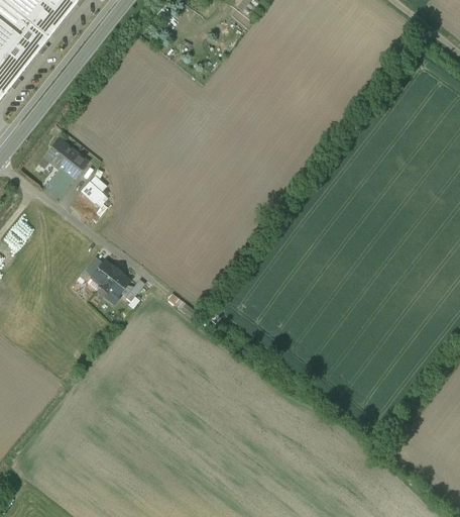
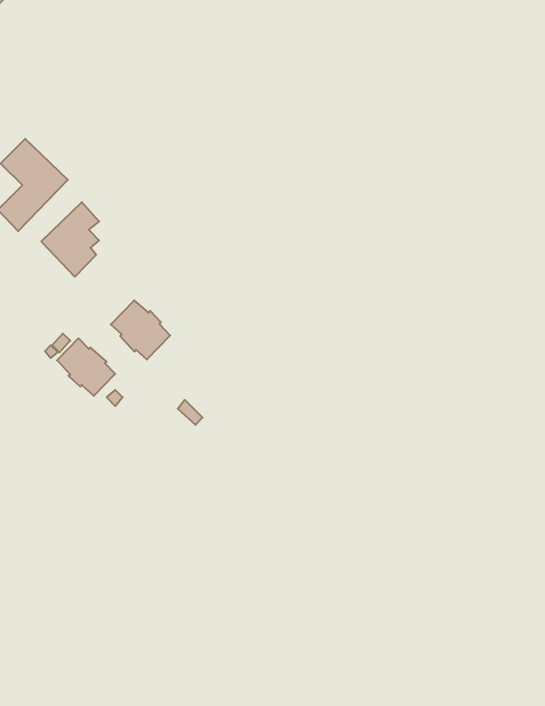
building: none -> [111,300,170,360]

